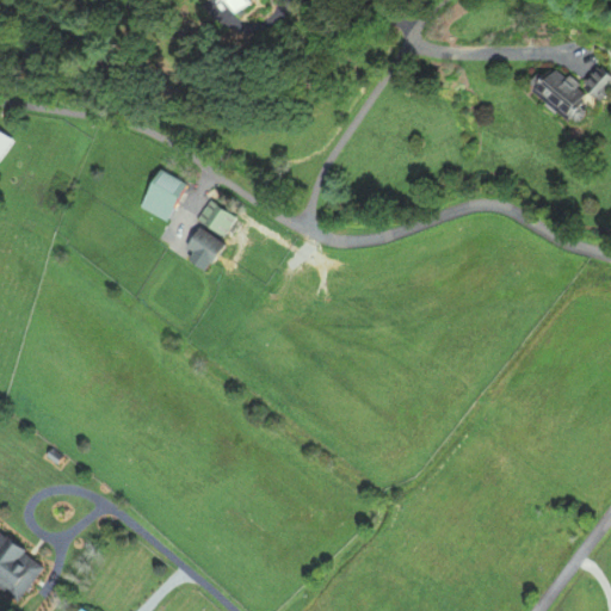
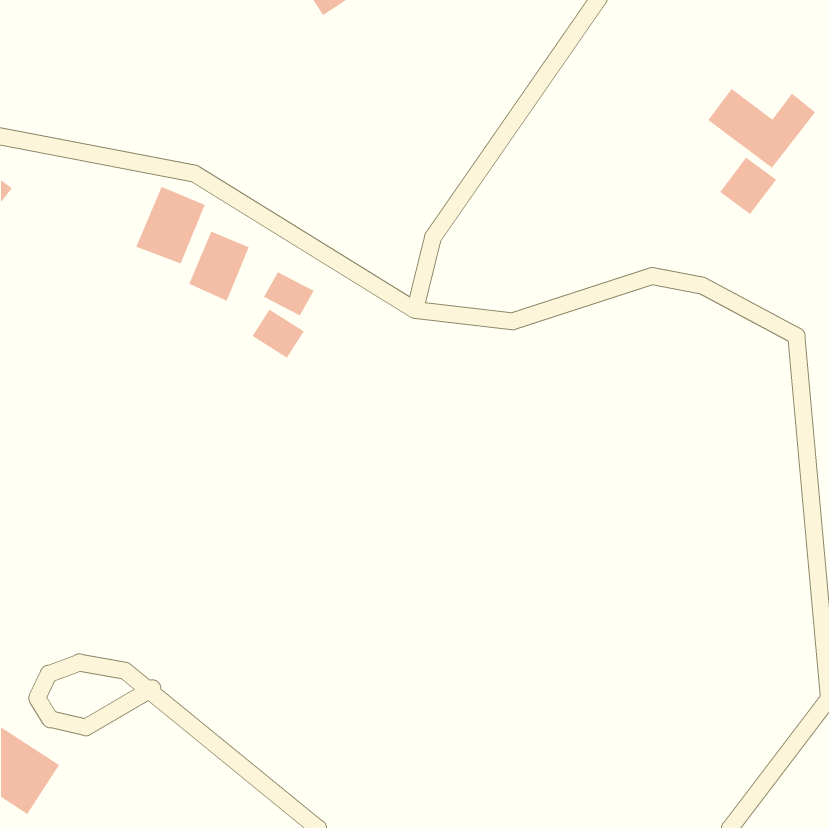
building: none -> [719,157,777,215]
building: none -> [135,186,206,264]

